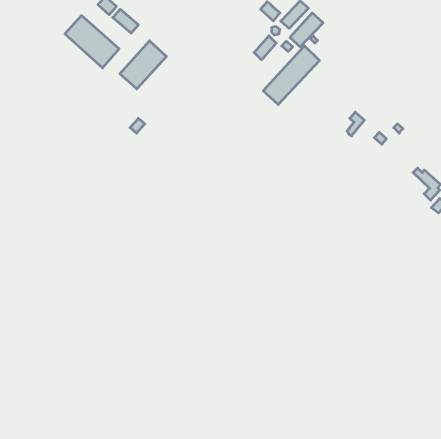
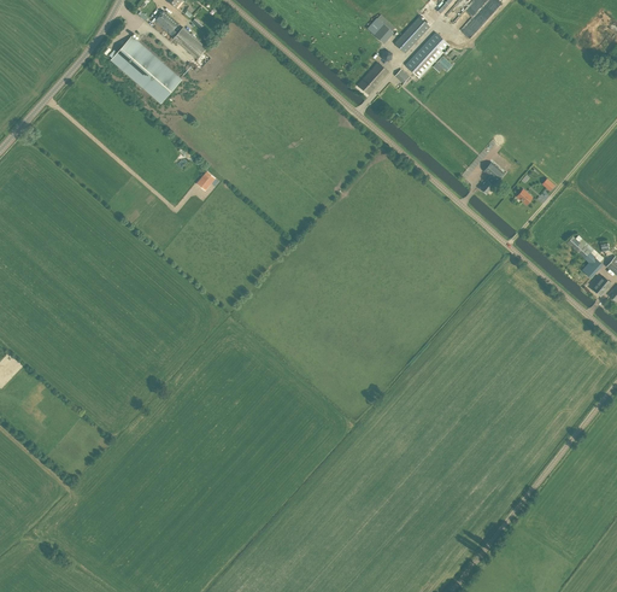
building: [120,41,166,89] -> none
building: [263,46,319,105] -> none

